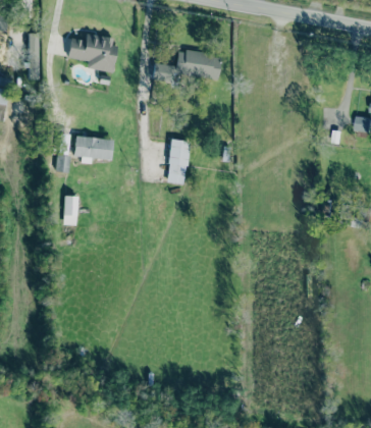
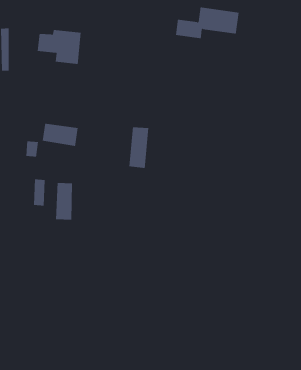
building: [152,50,221,85] -> [175,7,239,39]
building: none -> [55,182,73,220]

